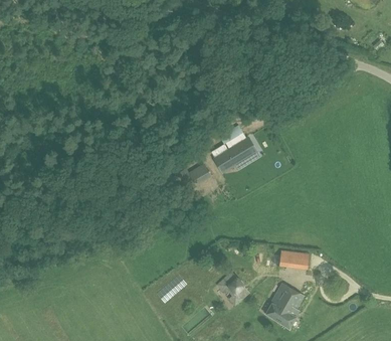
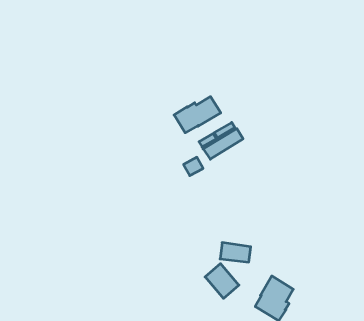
building: none -> [174,97,221,133]
building: [279,250,310,270] -> [220,243,251,262]

